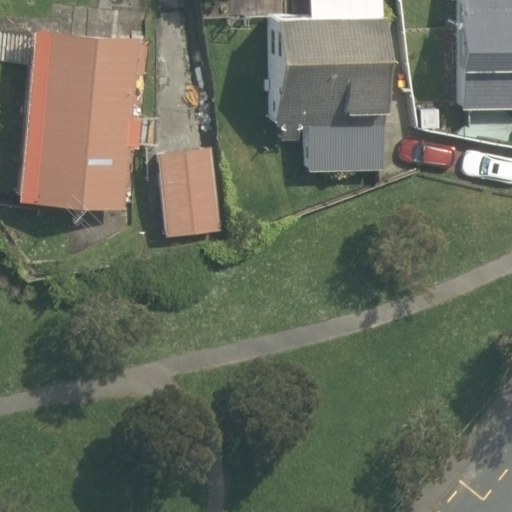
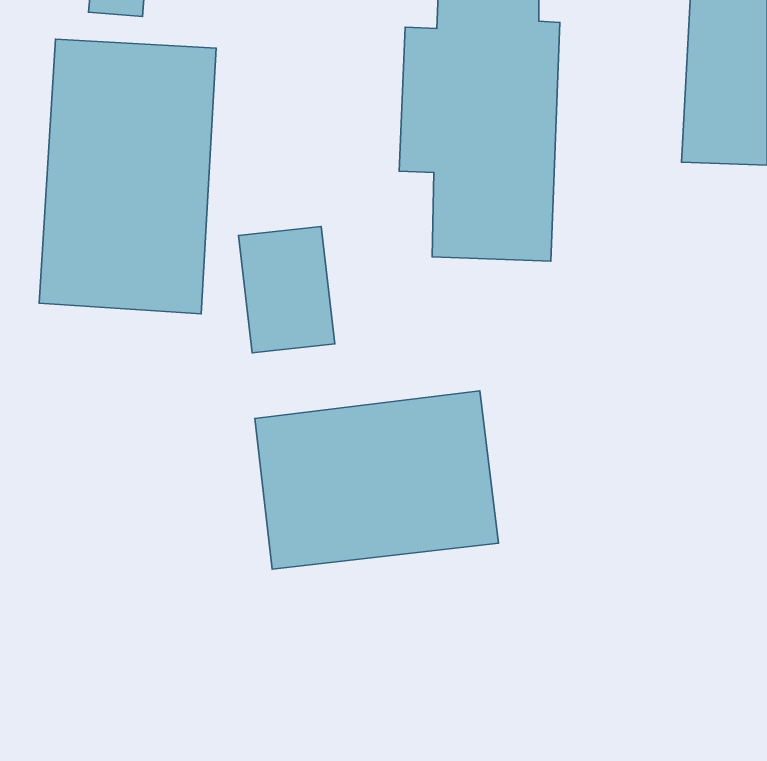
building: none -> [255,391,498,569]

